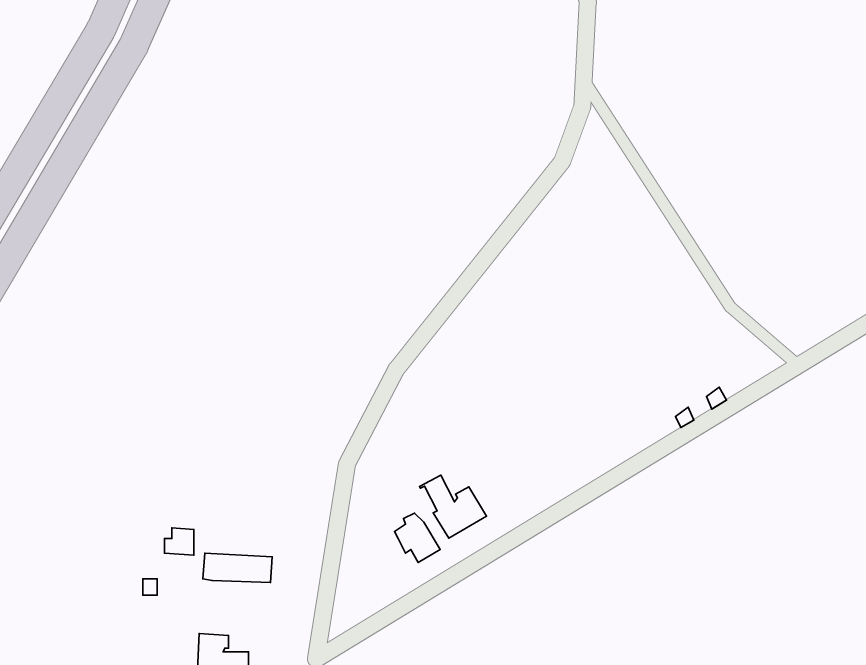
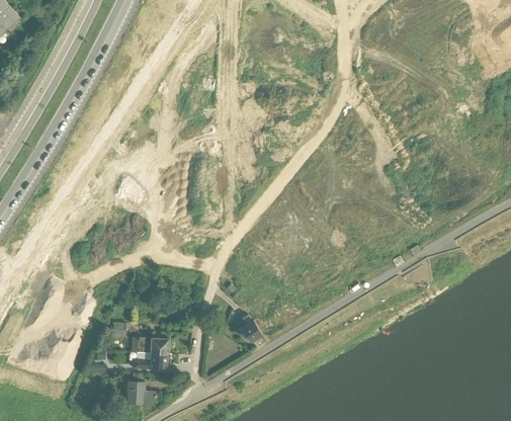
building: [420,475,486,538] -> none
building: none -> [132,351,169,368]

